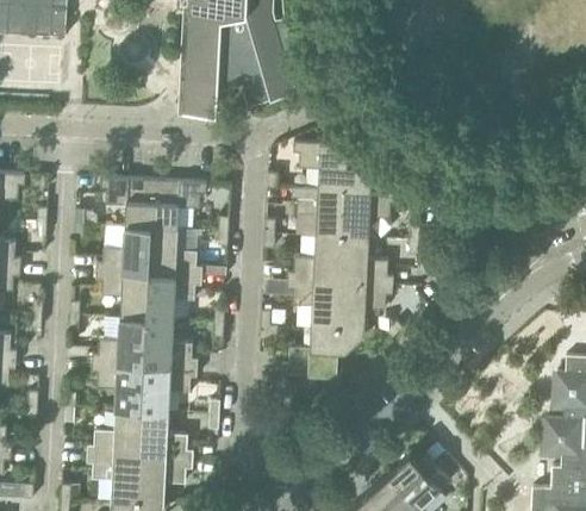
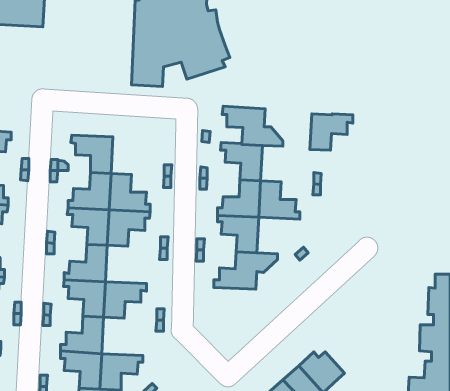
building: [151,180,206,228] -> none
building: [342,191,397,237] -> [310,114,353,150]
building: [337,282,392,329] -> none
building: [144,318,197,367] -> none
building: [139,410,193,459] -> none

